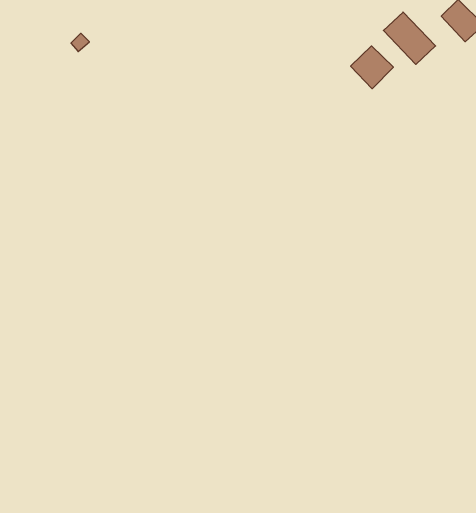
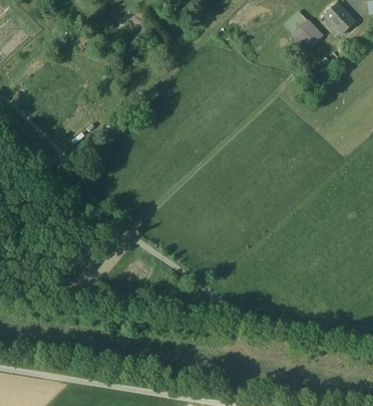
building: [351,46,393,89] -> none

